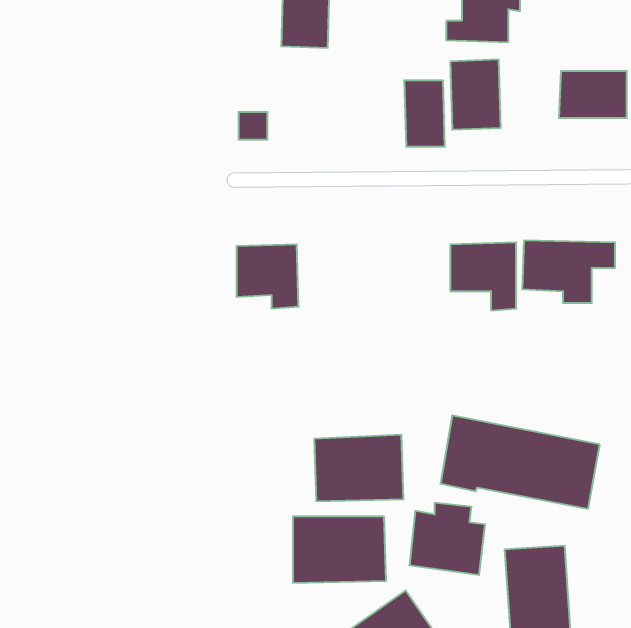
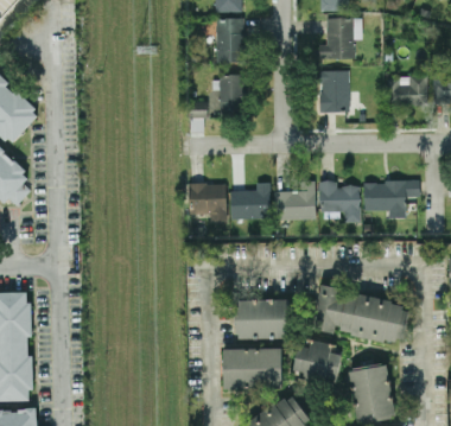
building: [404,80,445,147] -> [220,74,244,114]
building: none -> [275,179,316,218]
building: none -> [230,182,271,218]

